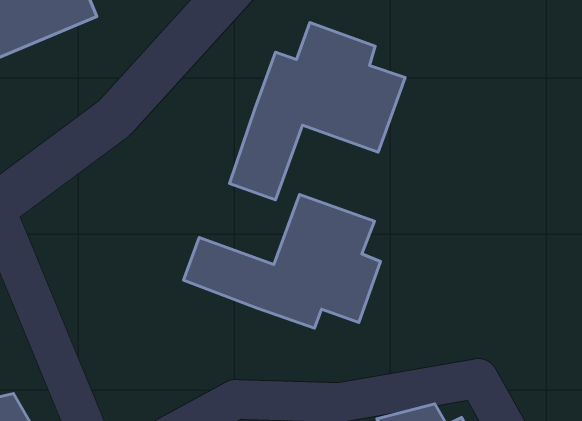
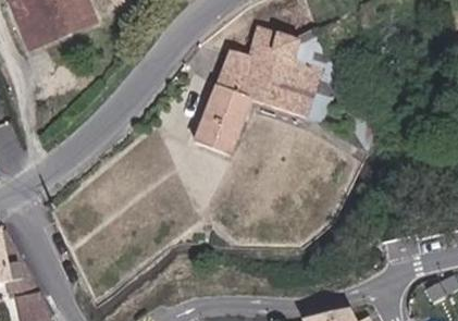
building: [183,194,381,328] -> none

